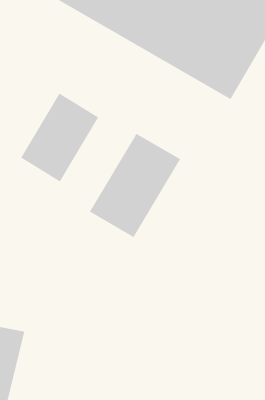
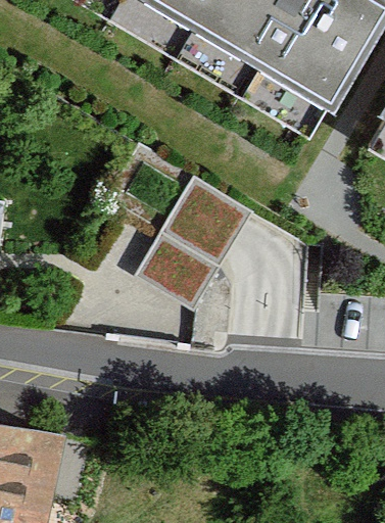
building: [20,92,99,182] -> none

